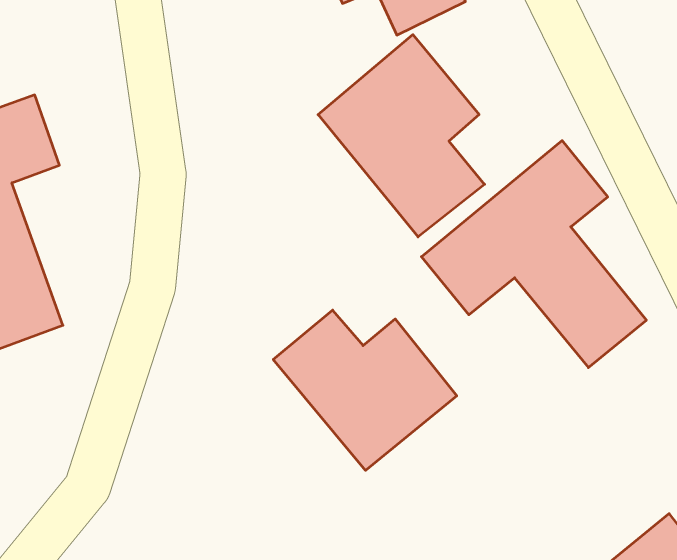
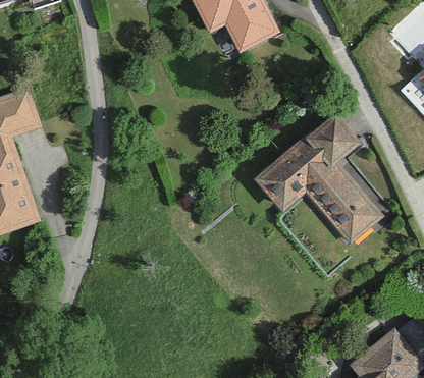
building: [318,35,485,237] -> none
building: [273,310,457,470] -> none

